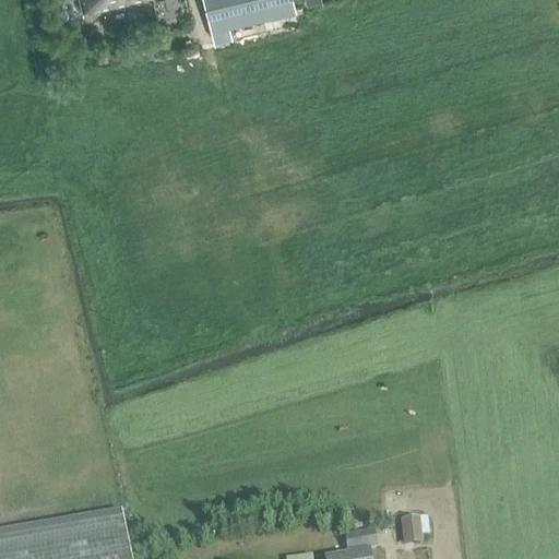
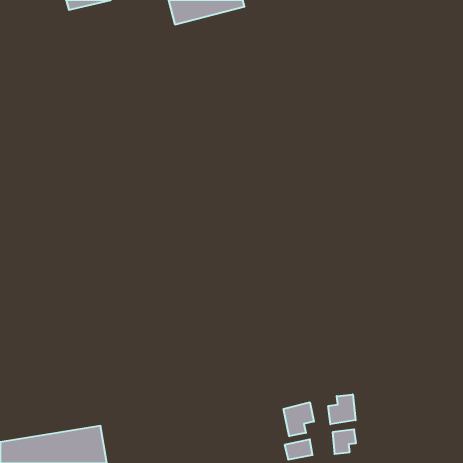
building: none -> [328,394,356,424]
building: none -> [284,402,314,436]

